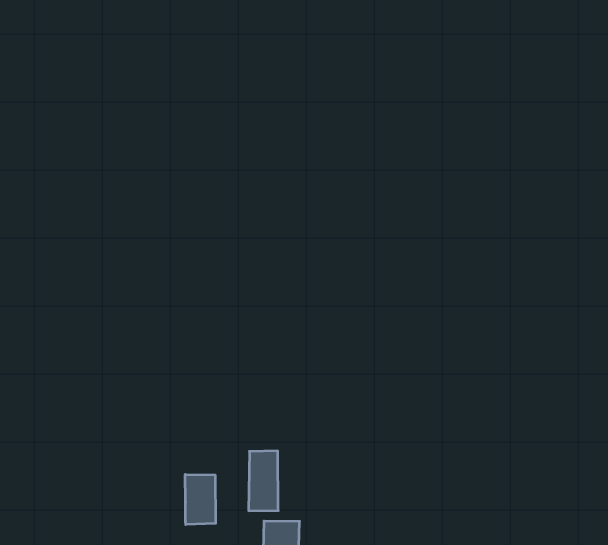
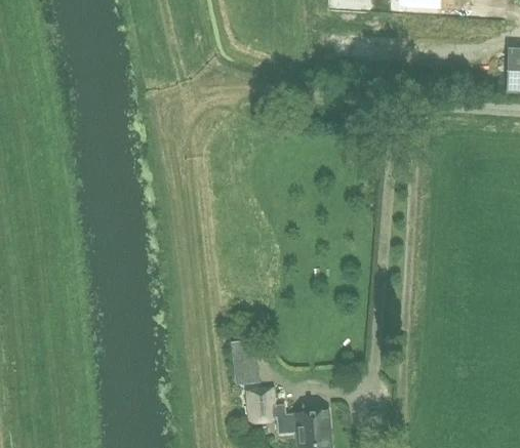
building: [185,474,216,525] -> none

